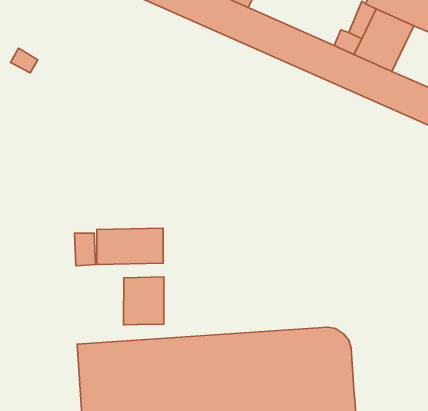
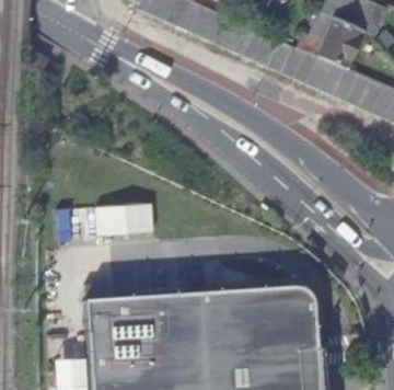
building: [124,277,164,325] -> none

